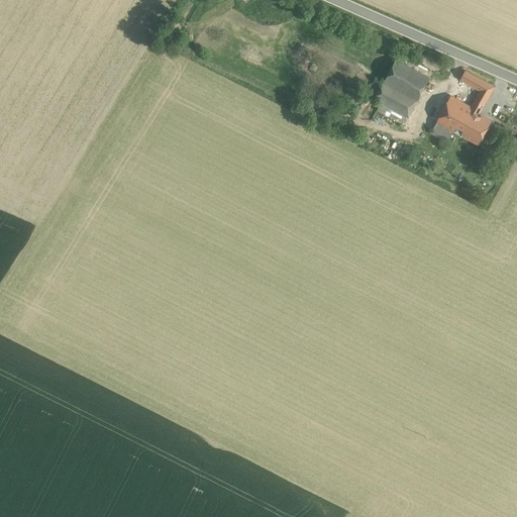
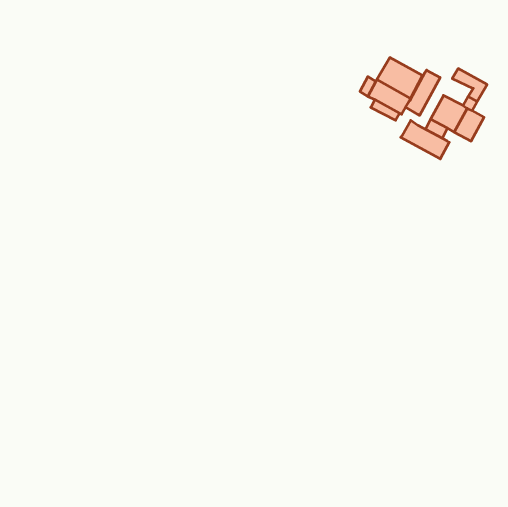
building: none -> [406,70,440,115]
building: none -> [401,120,449,159]

